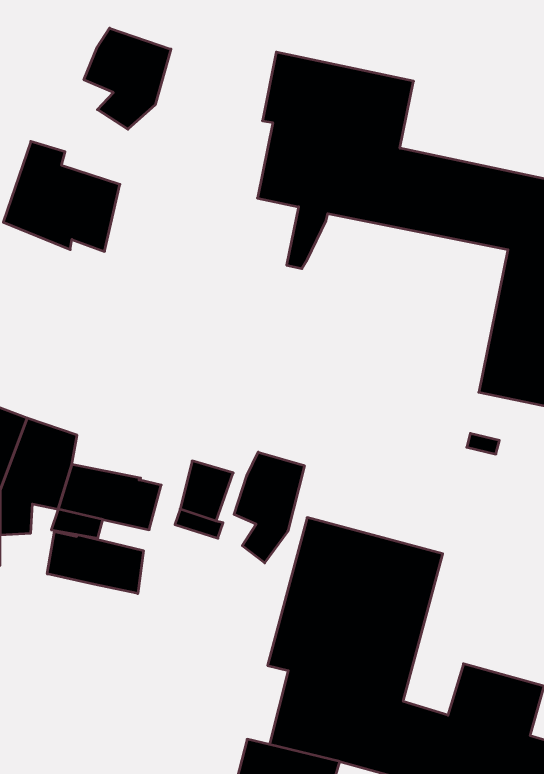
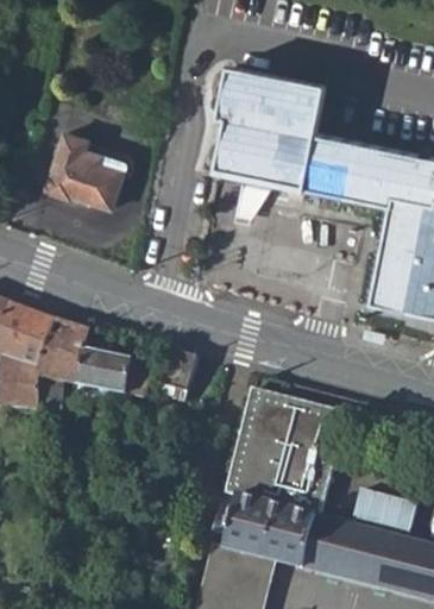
building: [84,28,171,129] -> none
building: [234,452,304,563] -> none
building: [47,532,143,594] -> none

